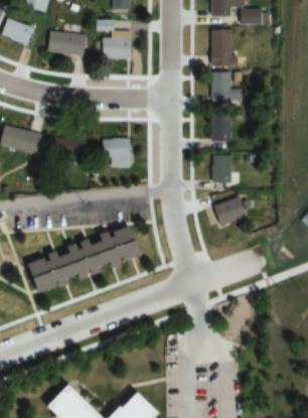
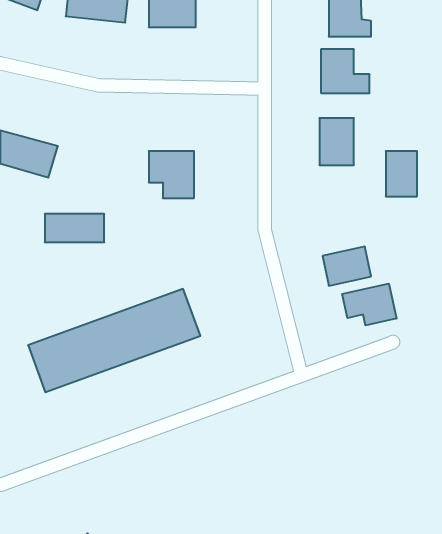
building: [48,138,87,156] -> [45,214,104,242]
building: [212,155,233,184] -> [386,151,417,196]
building: none -> [342,284,397,325]

